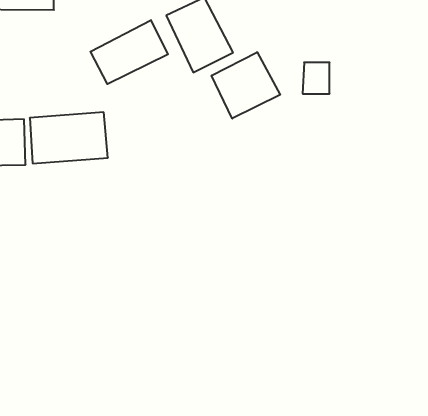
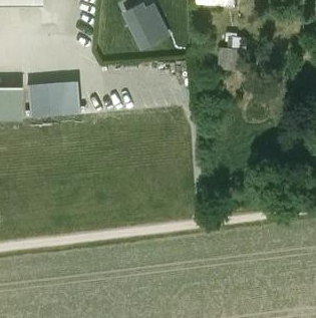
building: [90,20,168,84] -> none
building: [212,52,280,119] -> none

